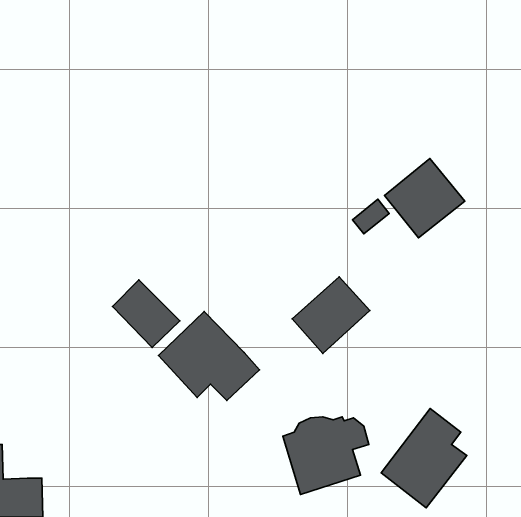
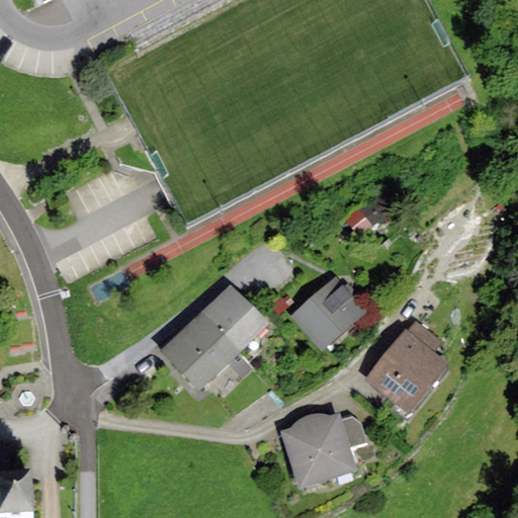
building: [385,159,465,238] -> none
building: [112,280,180,347] -> [202,282,269,349]
building: [381,409,467,508] -> [363,317,448,415]

